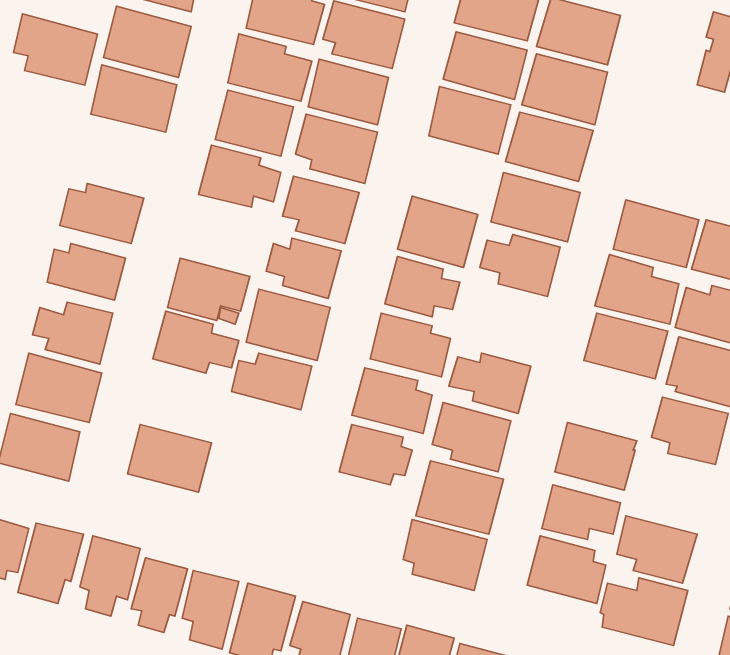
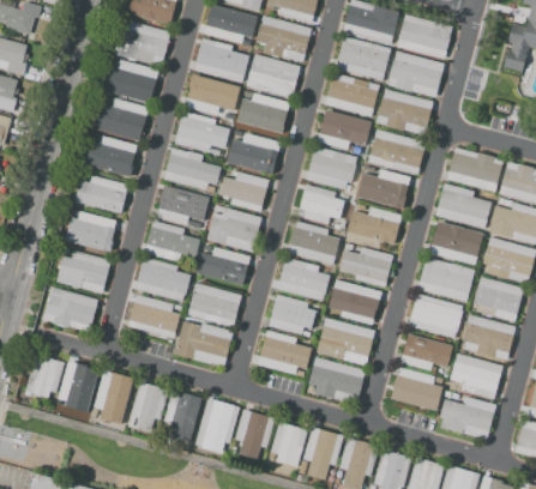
building: [13,14,97,85] -> [96,96,151,143]
building: none -> [318,110,372,149]
building: none -> [163,147,222,191]
building: none -> [348,209,402,244]
building: none -> [135,258,191,302]
building: none -> [417,258,474,302]
building: none -> [188,284,242,326]
building: none -> [463,315,514,360]
building: none -> [174,321,234,368]
building: none -> [258,331,311,374]

